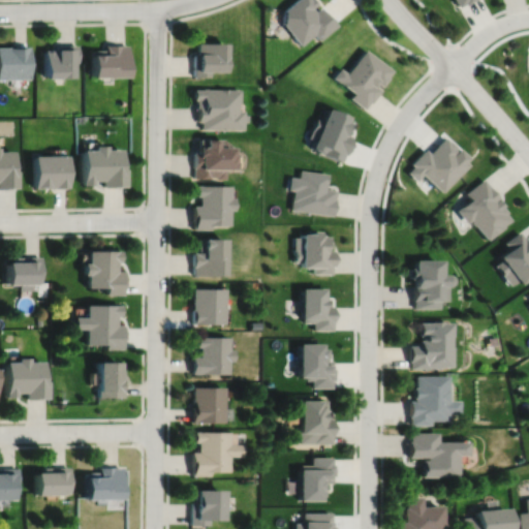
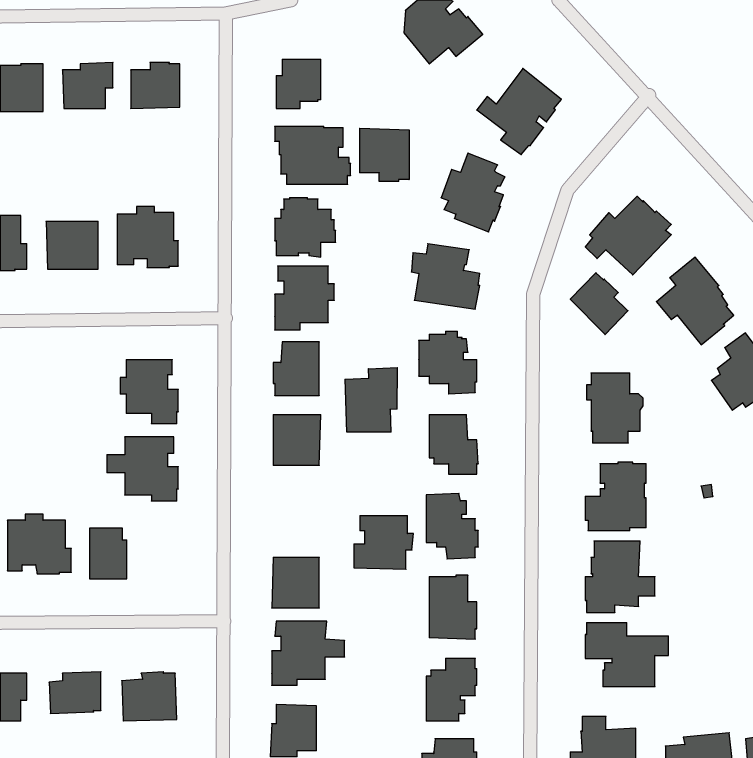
building: none -> [360,128,409,181]
building: none -> [570,273,628,335]
building: none -> [345,368,397,432]
building: [9,257,45,291] -> none
building: [194,338,236,375] -> [354,516,413,569]
building: [101,363,127,398] -> [90,528,127,579]

